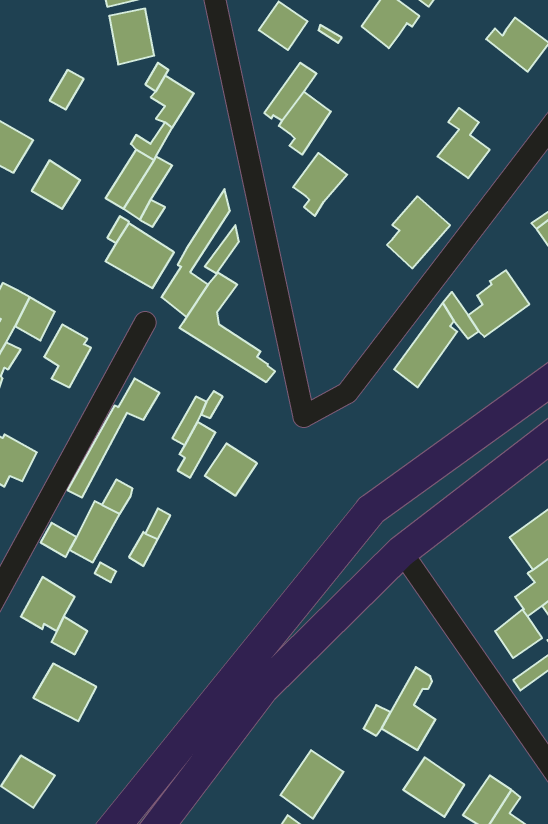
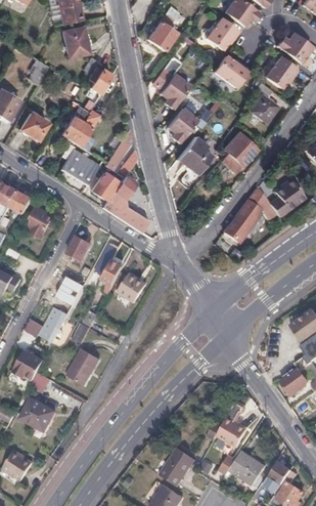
building: none -> [214,55,249,87]
building: none -> [265,55,298,88]
building: none -> [176,137,211,175]
building: none -> [65,348,99,386]

